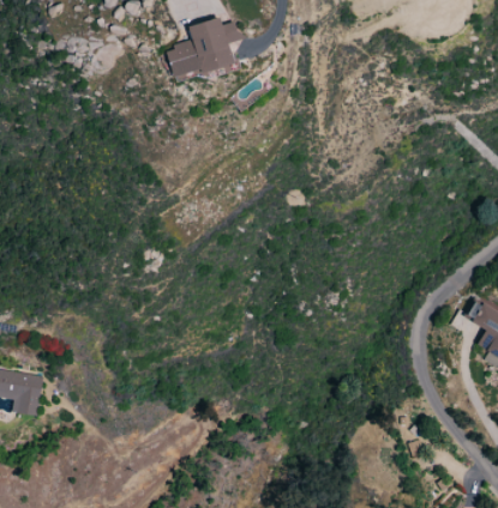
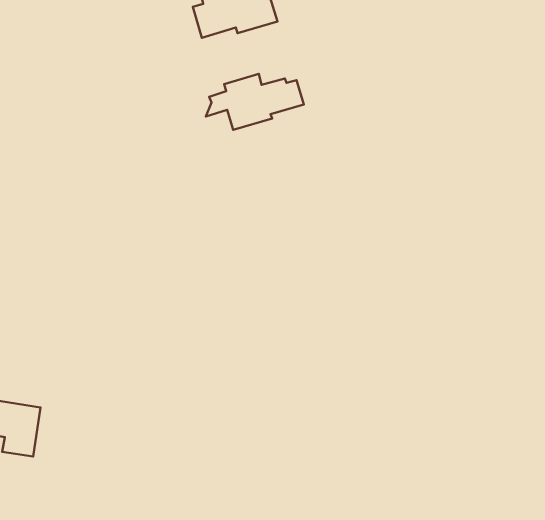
building: none -> [206,74,304,130]

